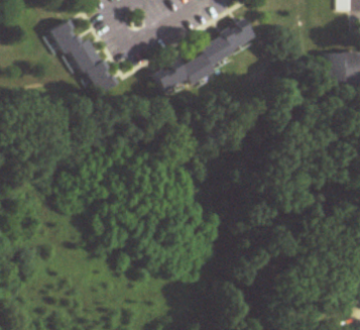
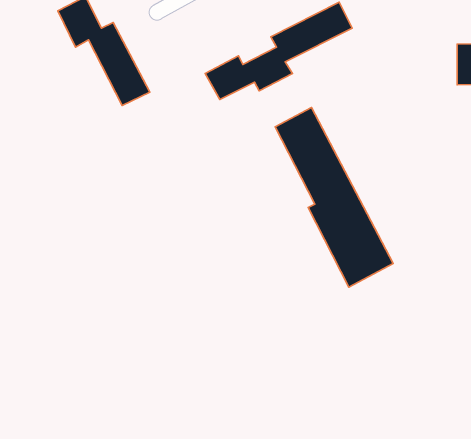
building: none -> [275,107,393,287]

